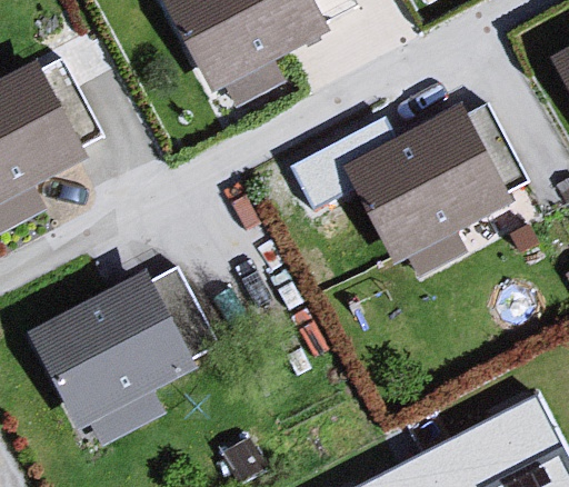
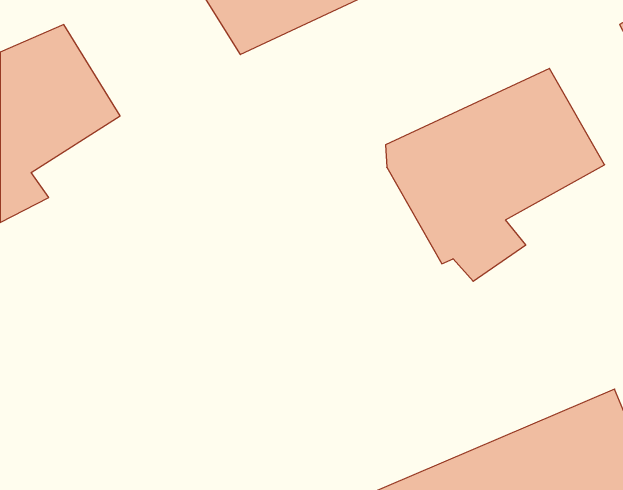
building: [27,274,217,457] -> none

